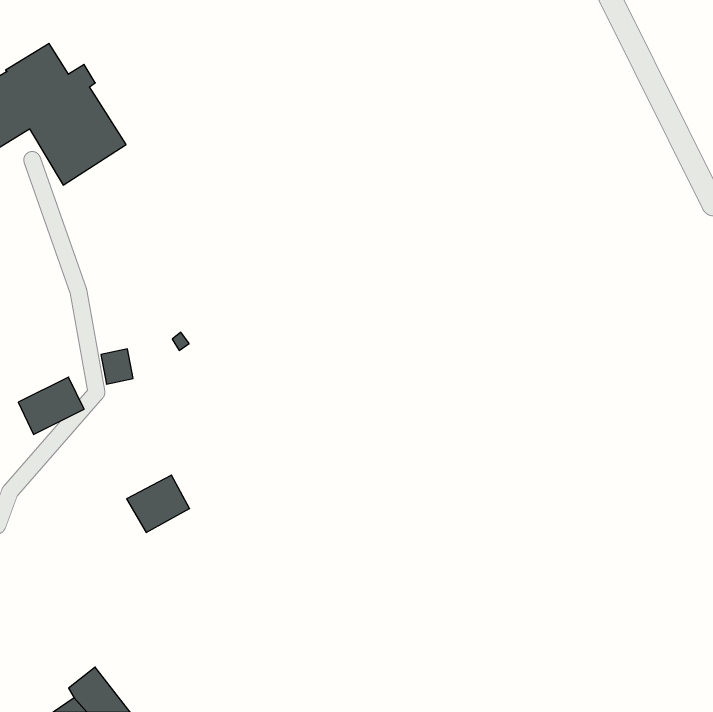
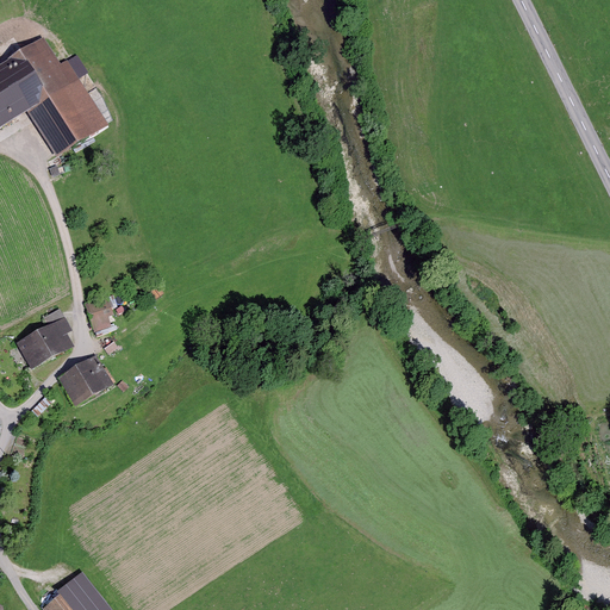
building: [127,475,190,532] -> [57,357,111,406]

